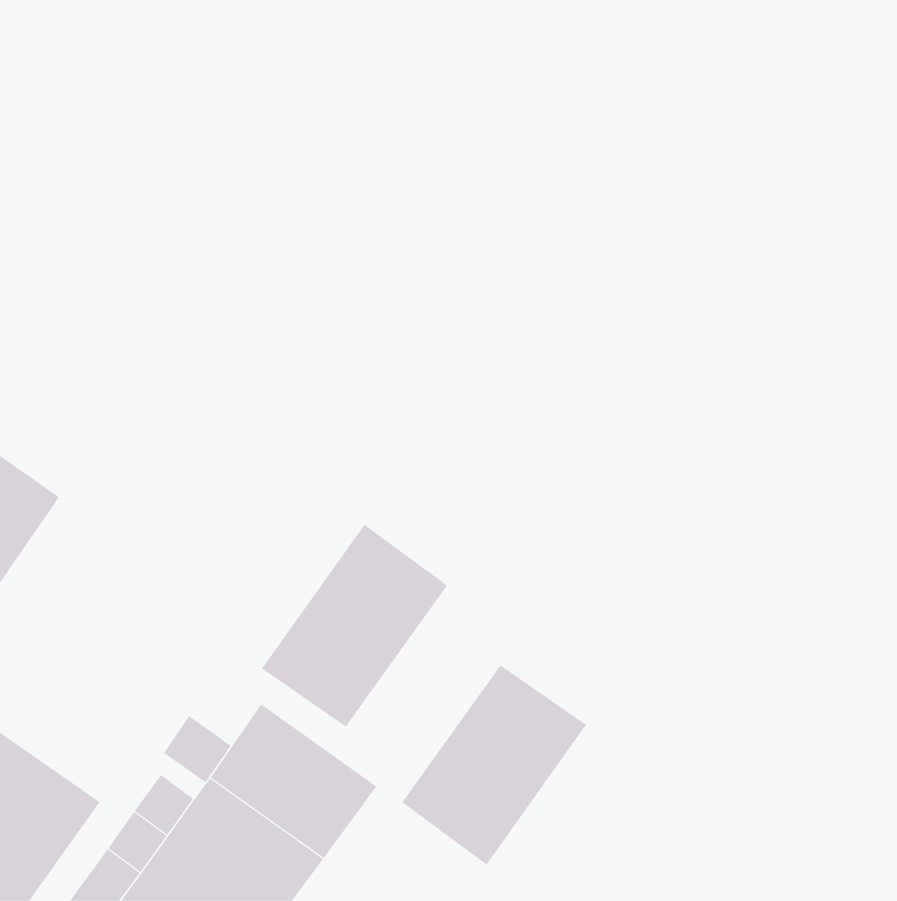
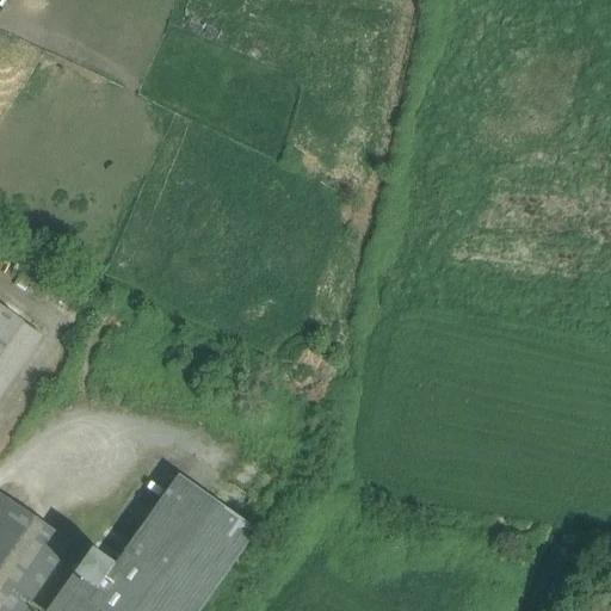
building: [261,524,448,728] -> none
building: [401,664,587,865] -> none
building: [163,715,232,783] -> none

